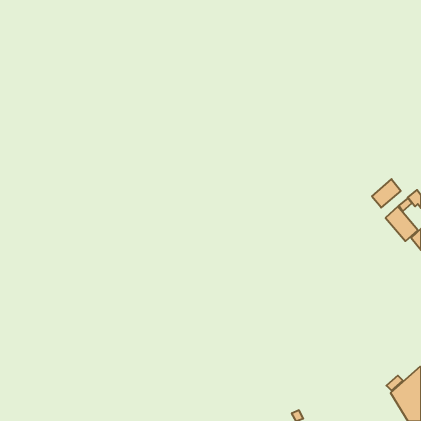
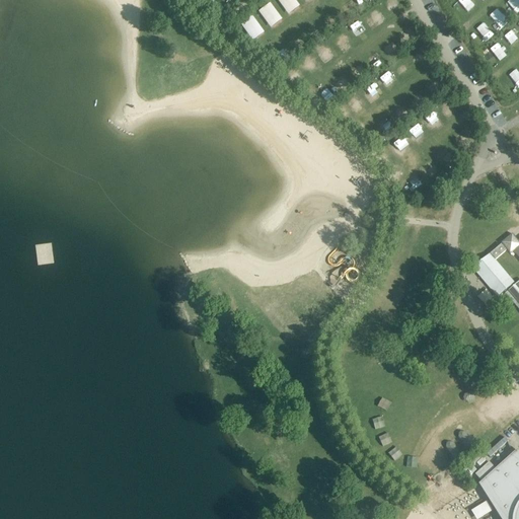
building: [372,179,401,208] -> none

